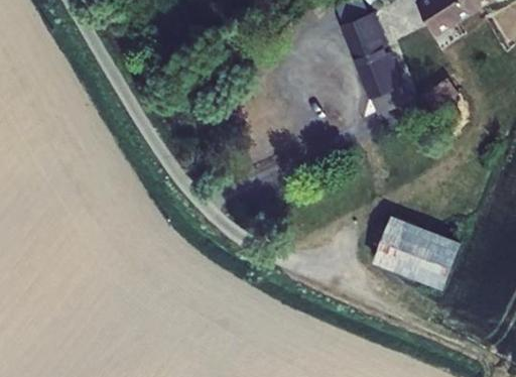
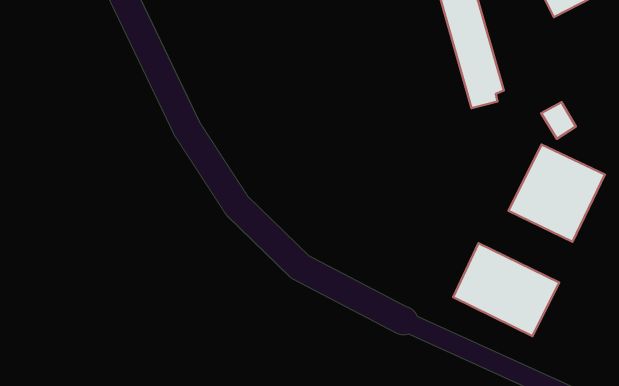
building: none -> [509,144,605,242]

